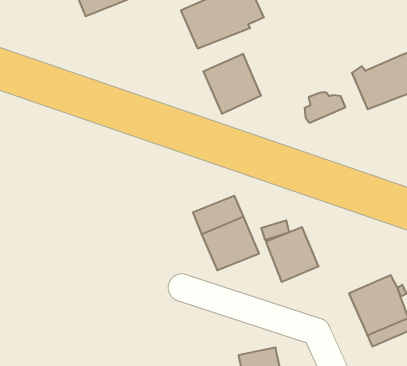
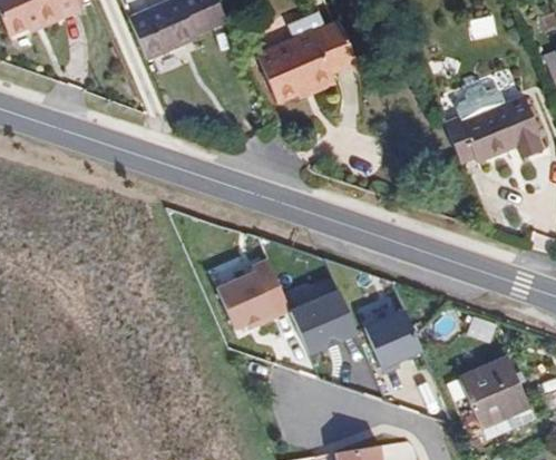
building: [203,54,261,114] -> none
building: [305,92,346,123] -> [468,88,515,123]
building: none -> [213,266,282,332]

